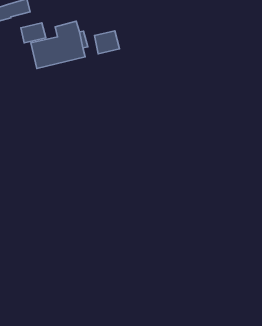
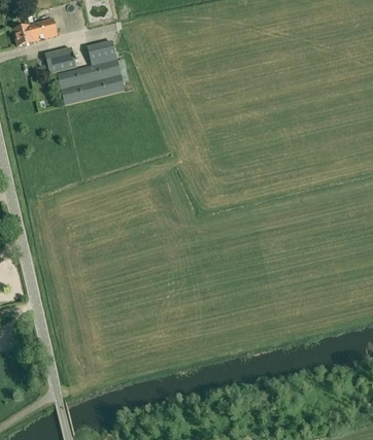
building: [95,31,119,54] -> none

